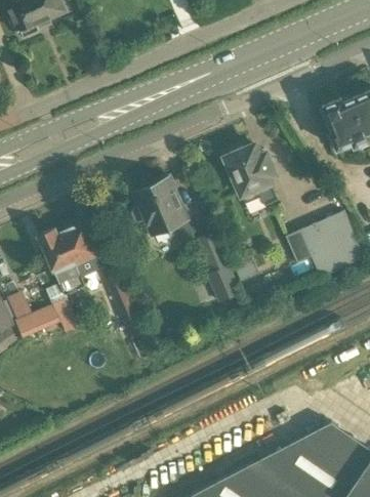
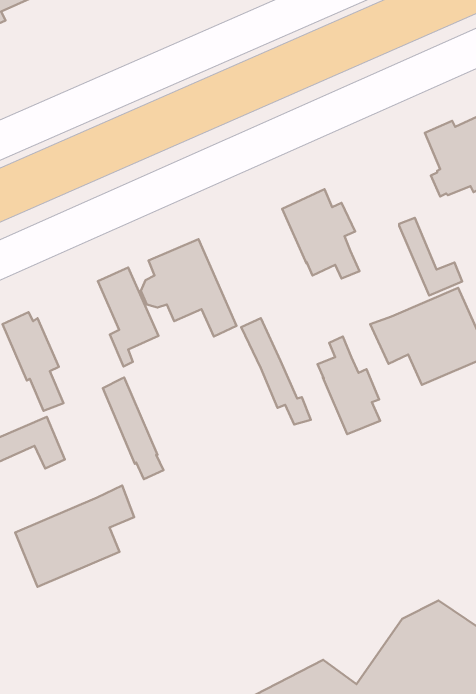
building: none -> [399,218,462,296]
building: [60,221,101,288] -> [98,268,159,366]
building: none -> [318,337,380,434]
building: none -> [15,485,134,587]

